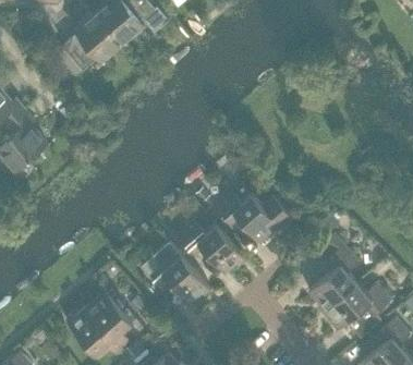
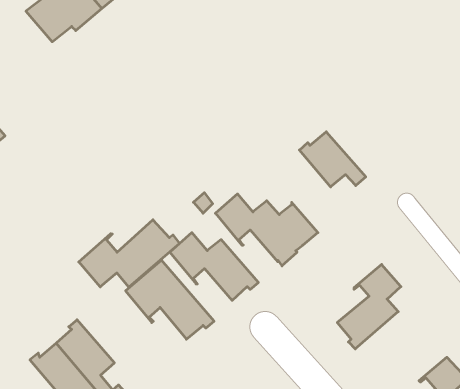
building: none -> [299,132,366,187]
building: none -> [79,220,179,287]
building: [323,281,391,328] -> none

